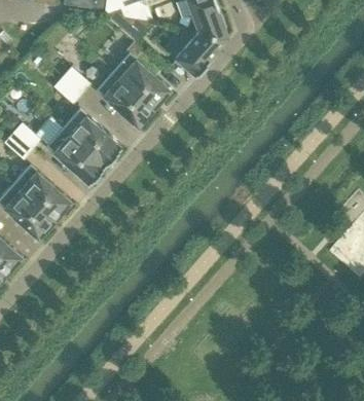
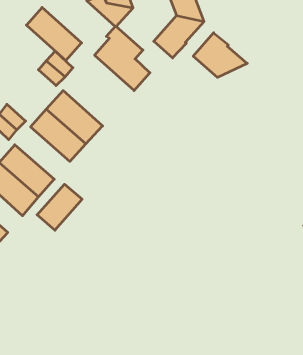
building: none -> [193,33,247,77]
building: [96,72,153,127] -> [26,7,82,61]
building: none -> [37,184,82,230]

